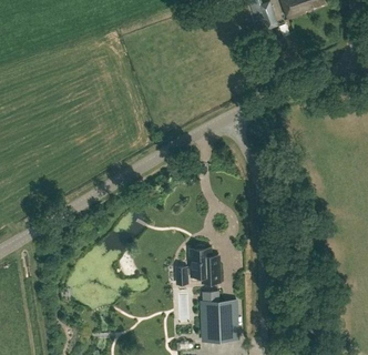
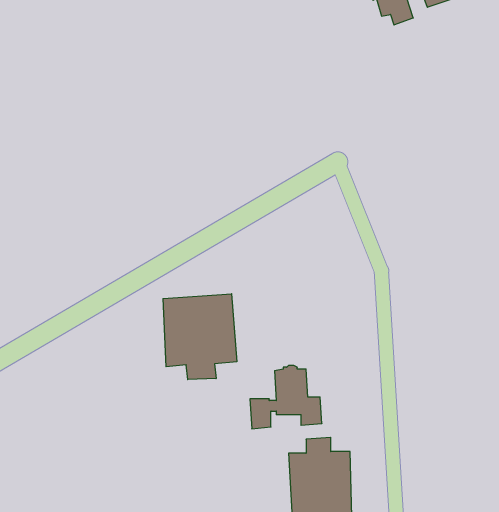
building: none -> [163,294,237,380]

